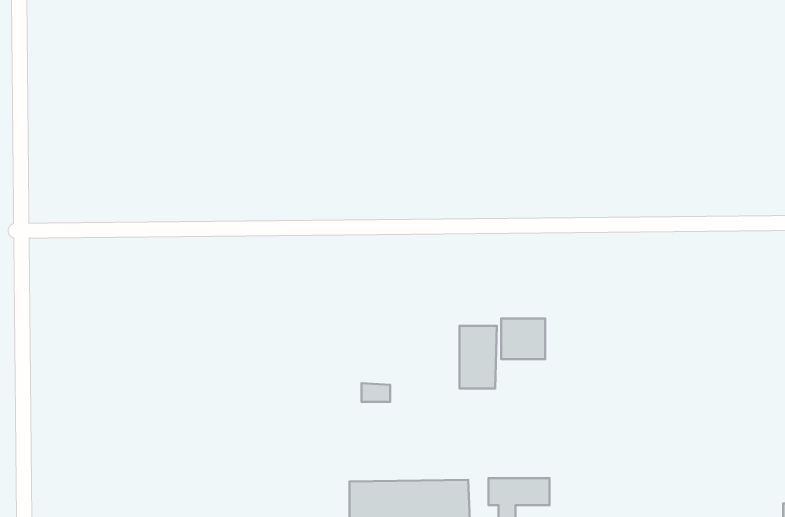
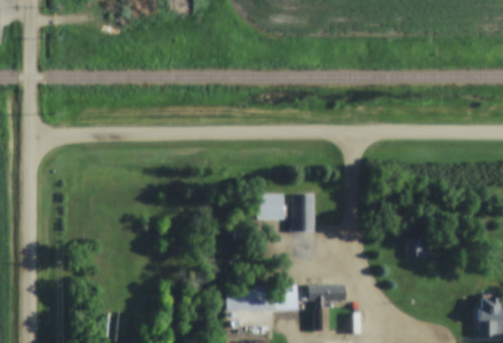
building: [501,318,545,359] -> [258,196,284,220]
building: none -> [408,239,429,258]

